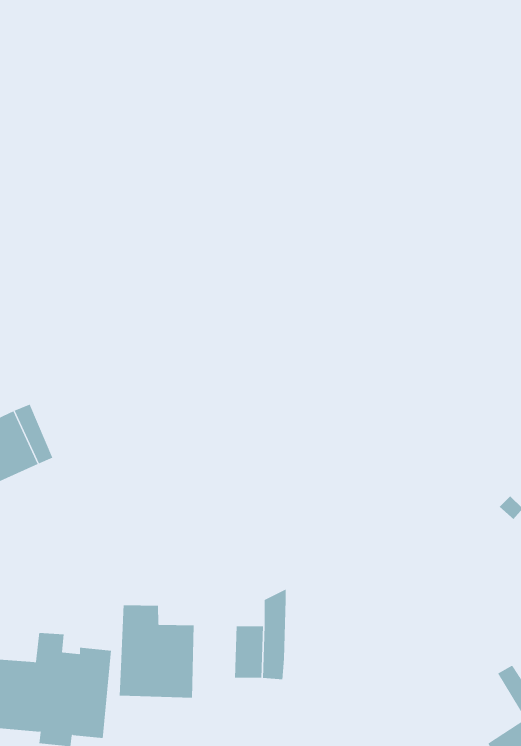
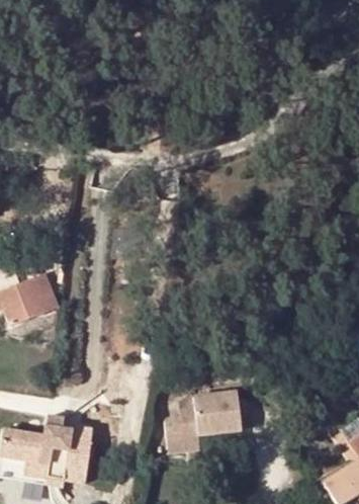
building: none -> [200,394,242,431]
building: [119,604,194,698] -> none

